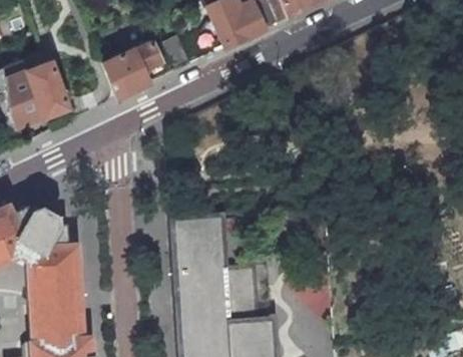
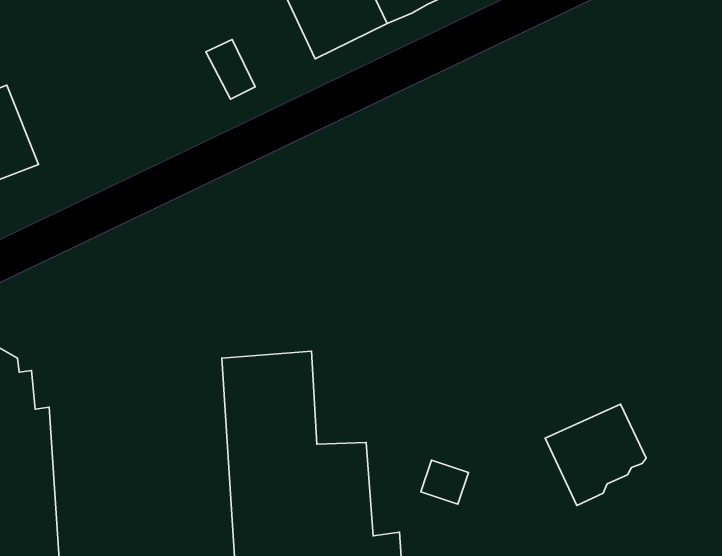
building: [105,40,163,97] -> none
building: none -> [545,404,646,506]

